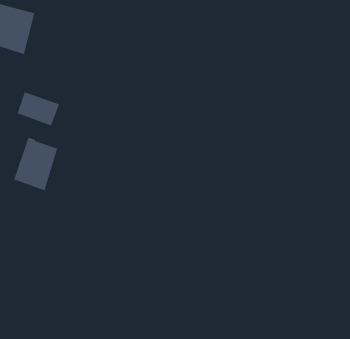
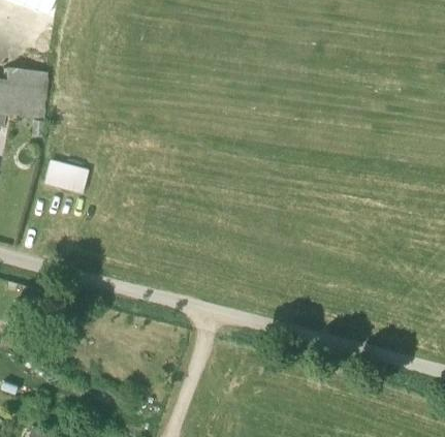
building: [13,137,58,191] -> none

